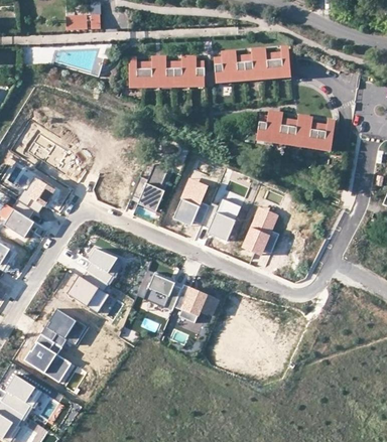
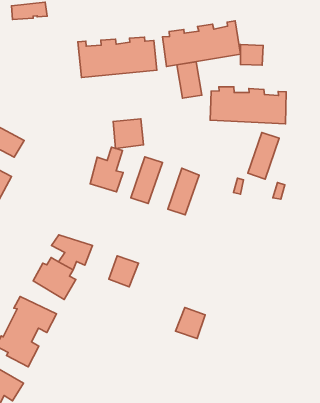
building: none -> [240,44,263,65]
building: none -> [177,62,202,98]
building: none -> [113,119,144,149]
building: [242,205,276,253] -> [248,132,279,179]
building: [175,284,207,316] -> [176,307,205,339]

